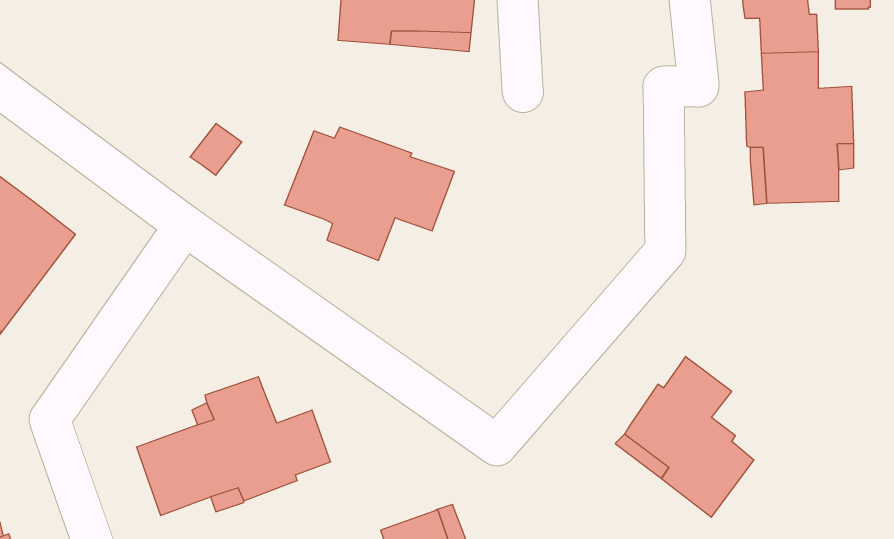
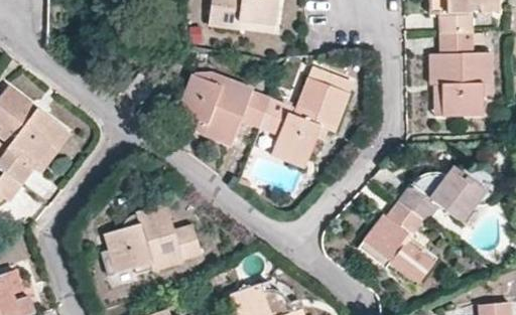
building: none -> [260,77,348,158]
building: none -> [398,164,484,218]

